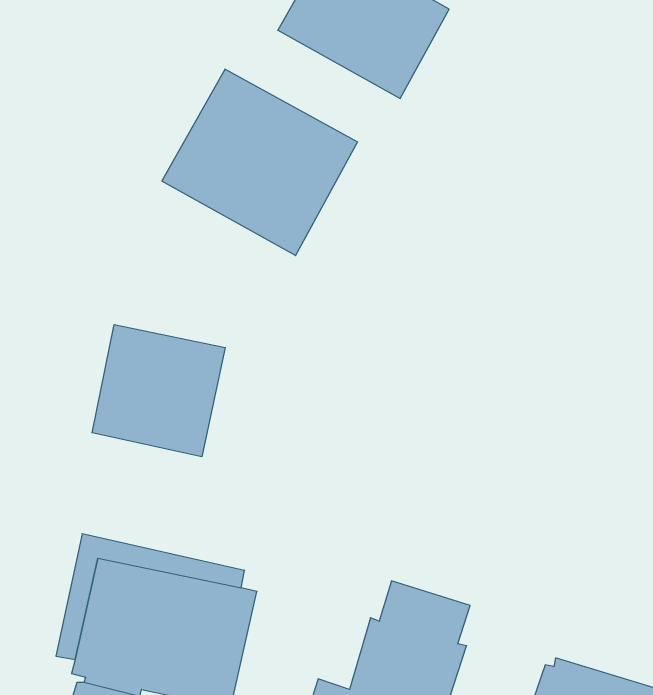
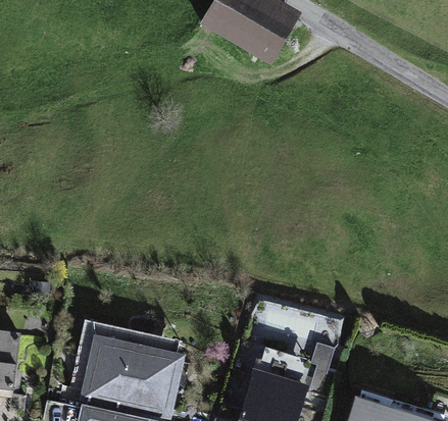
building: [162,69,358,256] -> none
building: [92,325,225,457] -> none

